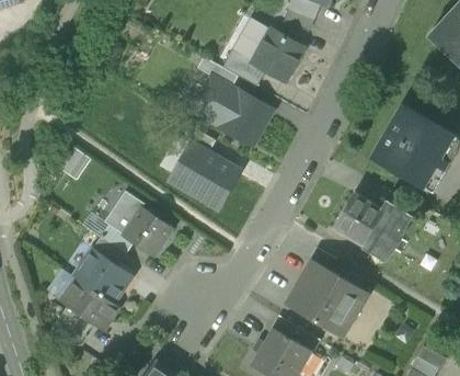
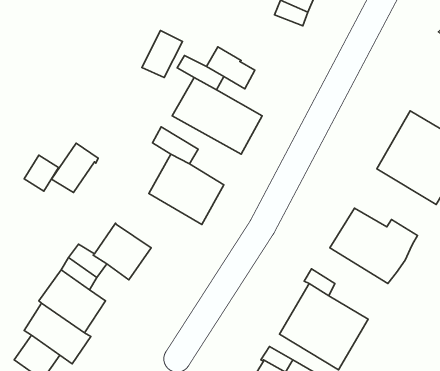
building: [229,13,265,55] -> [142,30,183,77]
building: [252,30,303,81] -> none
building: [103,190,145,233] -> [51,143,98,193]

